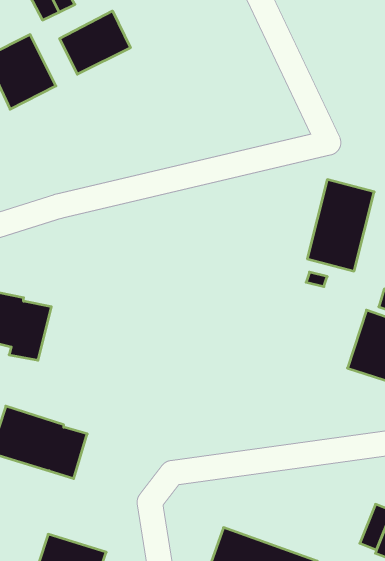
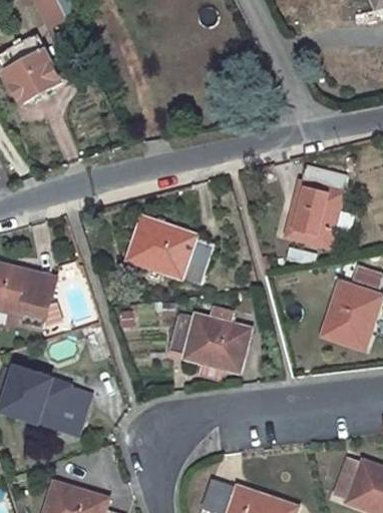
building: [60,11,130,74] -> none
building: none -> [128,218,214,284]
building: none -> [168,313,250,372]

